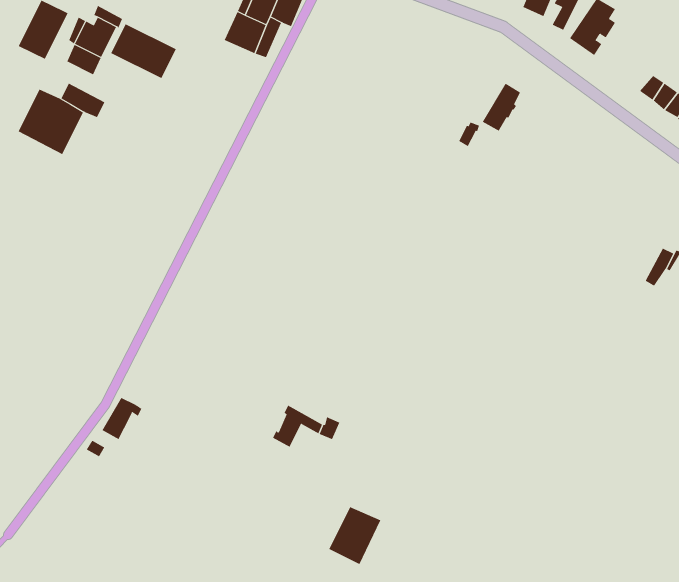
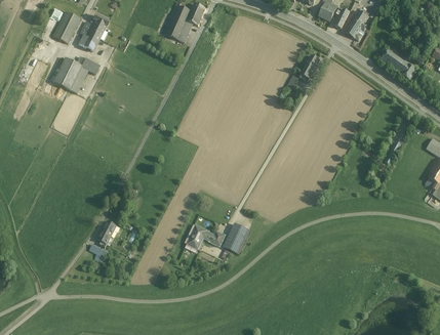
building: [111,24,177,79] -> none
building: [329,507,381,565] -> [223,222,250,253]

